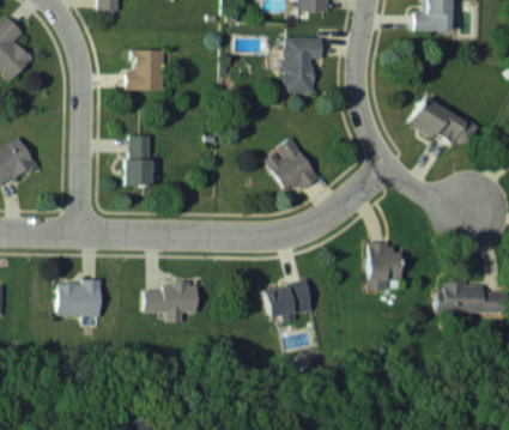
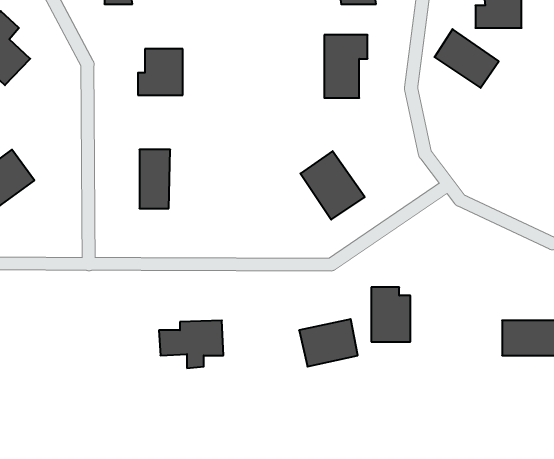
building: [413,95,468,145] -> [434,29,499,88]
building: [368,242,401,289] -> [371,287,410,342]
building: [57,280,102,314] -> none

